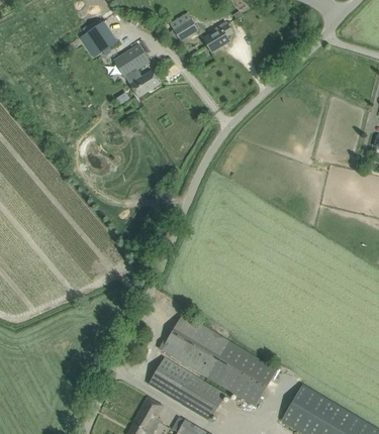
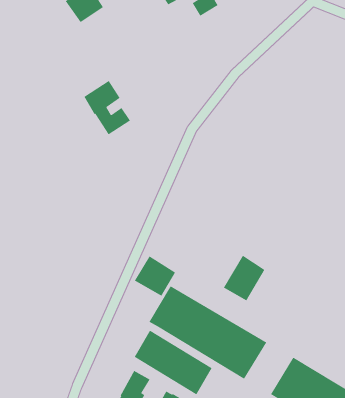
building: [113,43,160,97] -> [83,80,131,135]
building: none -> [223,255,265,301]
building: none -> [134,256,176,297]

